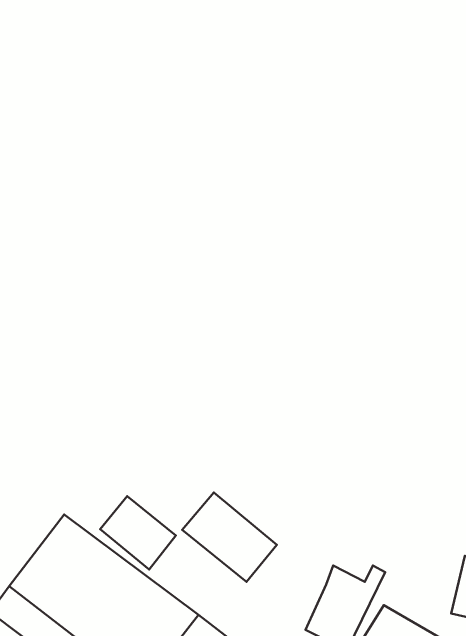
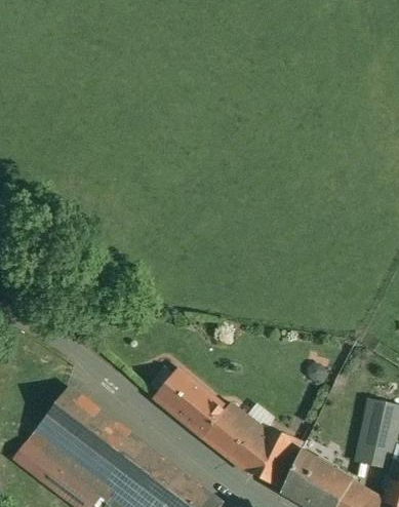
building: [100,496,176,570] -> none
building: none -> [204,411,264,474]

